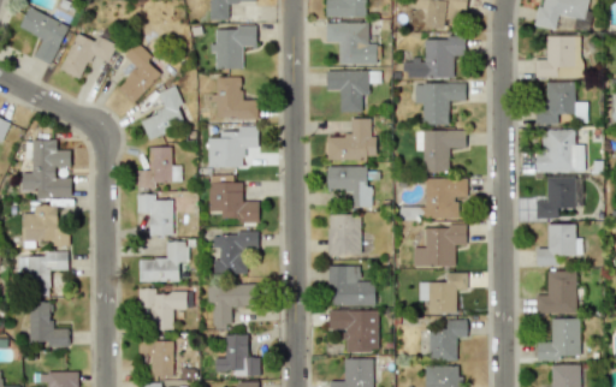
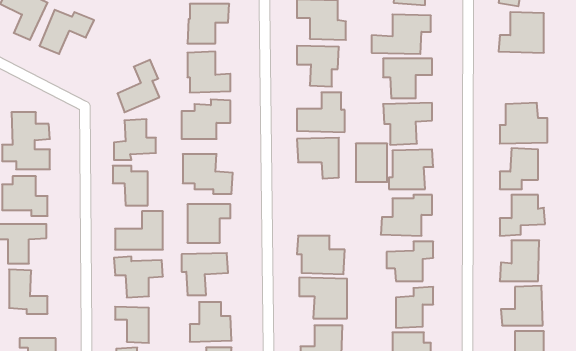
building: [117,46,162,103] -> none
building: [535,83,587,125] -> none
building: [327,215,360,255] -> [356,144,387,182]

